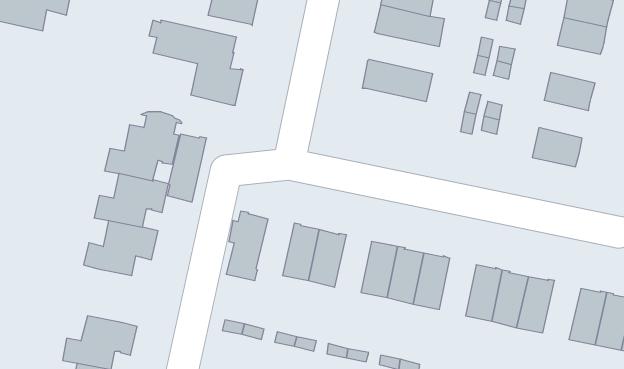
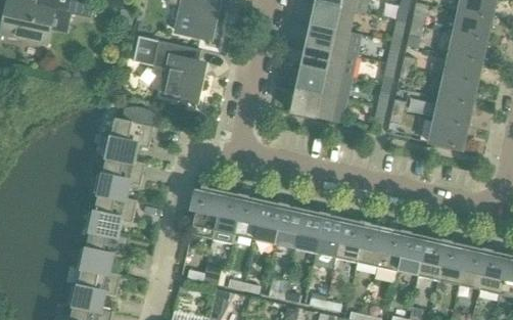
building: none -> [300,44,356,77]
building: none -> [442,54,481,84]
building: none -> [290,88,345,121]
building: none -> [433,97,472,127]
building: [167,134,207,202] -> [212,190,242,243]
building: none -> [274,202,302,247]
building: none -> [356,221,384,266]
building: none -> [69,229,128,271]
building: none -> [436,238,466,284]

